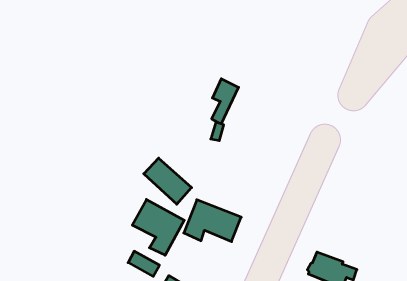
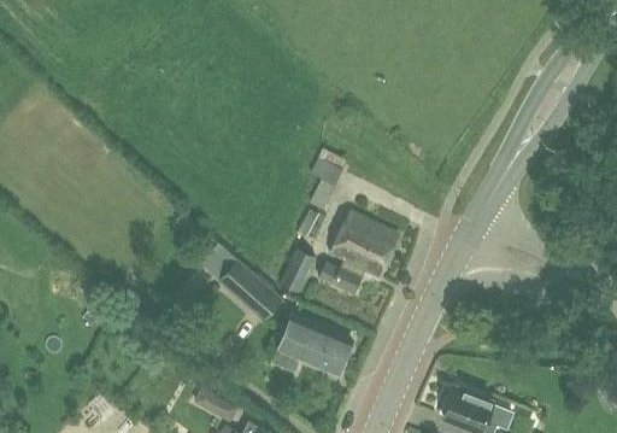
building: none -> [318,212,399,296]
building: none -> [280,250,317,294]
building: [132,199,184,255] -> none

